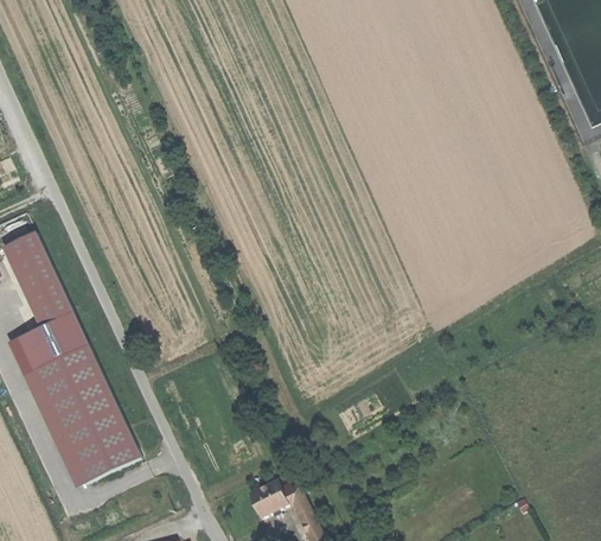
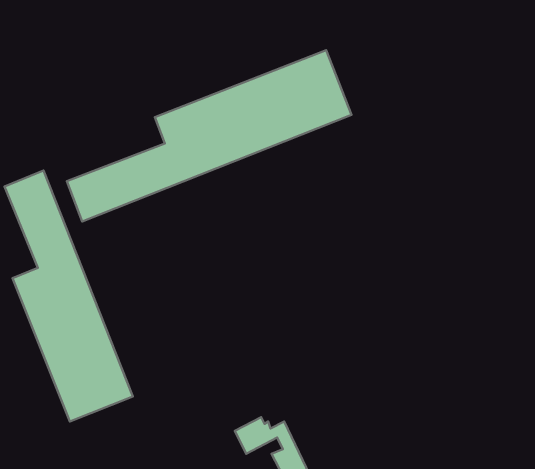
building: none -> [67,50,351,222]

